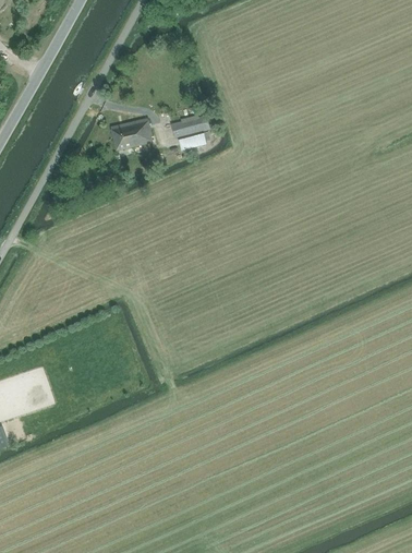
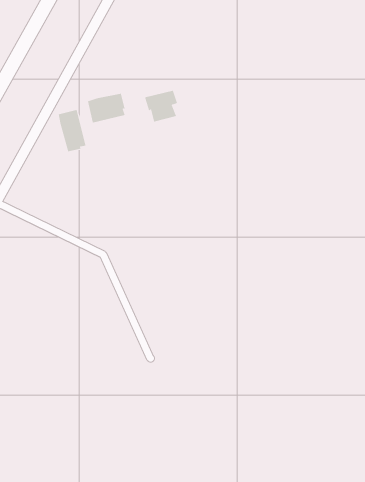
building: none -> [58,109,86,152]

